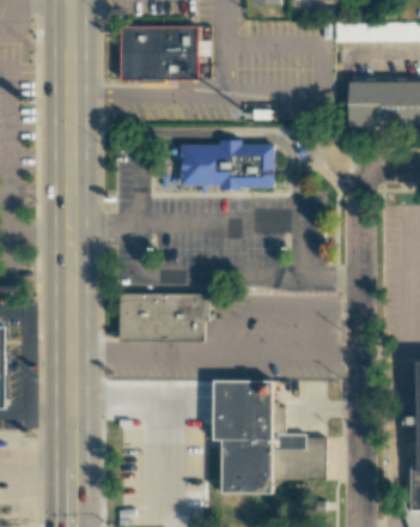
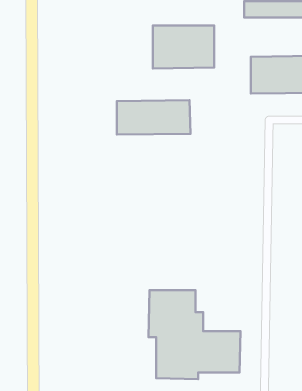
building: [120,25,196,79] -> [153,25,214,69]
building: [118,291,203,339] -> none

